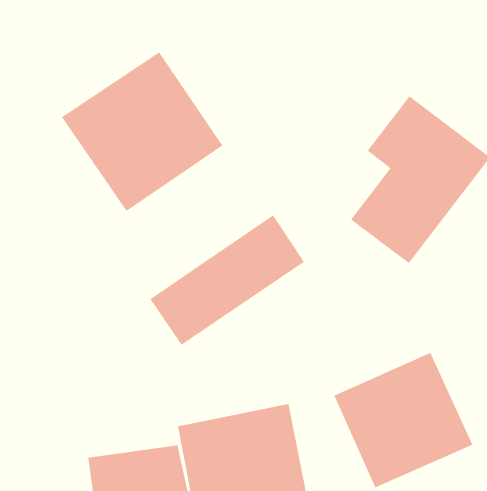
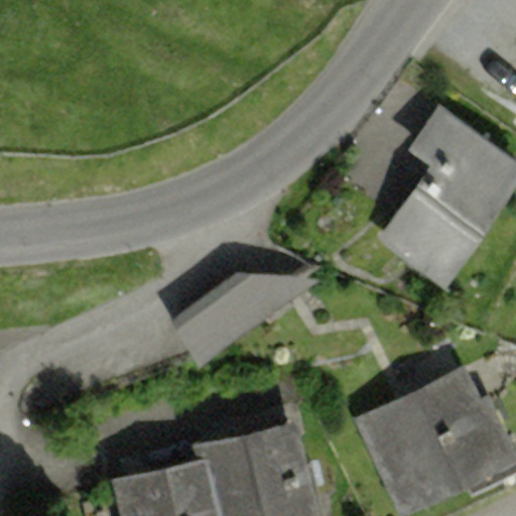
building: [61,52,223,212] -> none

